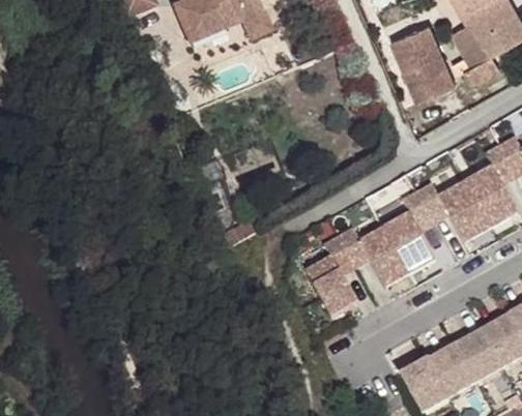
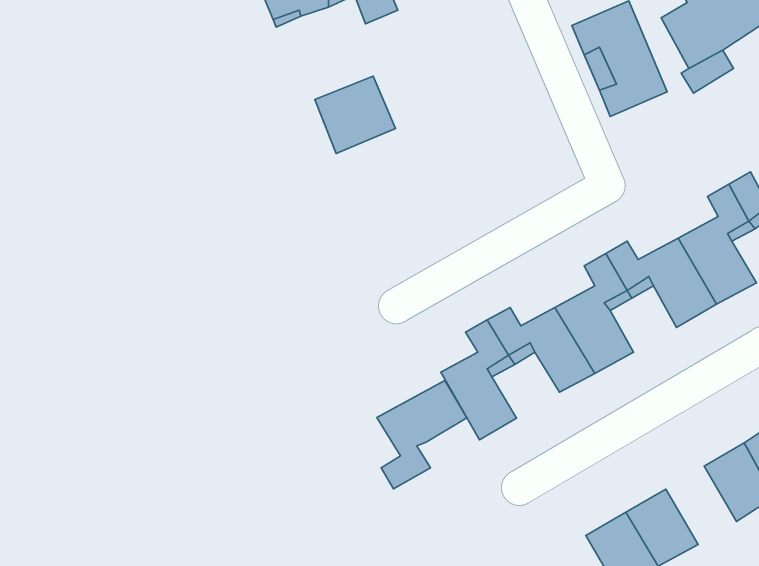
building: none -> [315,76,396,153]
building: none -> [377,380,467,489]
building: [454,334,501,387] -> none

